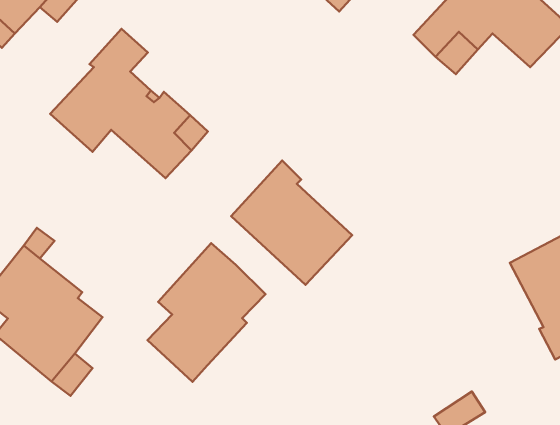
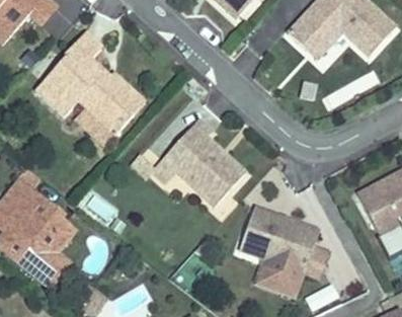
building: [148,243,266,382] -> none
building: none -> [237,206,329,298]

